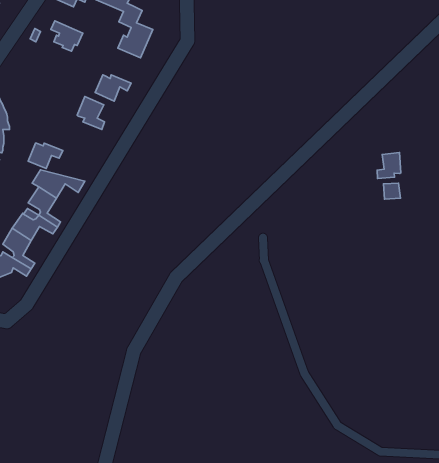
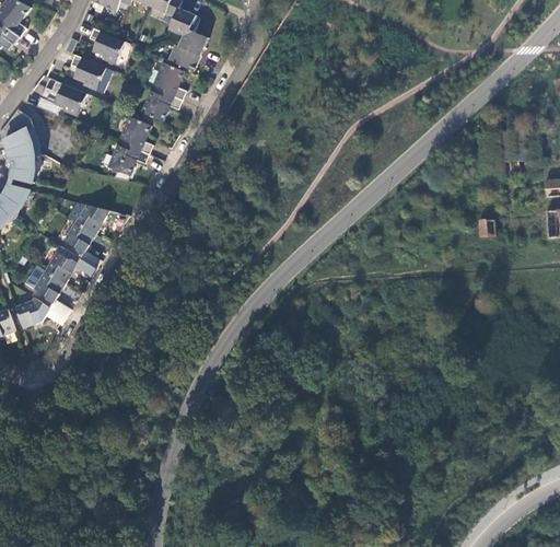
building: none -> [70,54,112,93]
building: none -> [152,63,185,101]
building: none -> [36,80,86,116]
building: [28,143,63,169] -> [107,146,148,175]
building: [377,152,401,178] -> none

